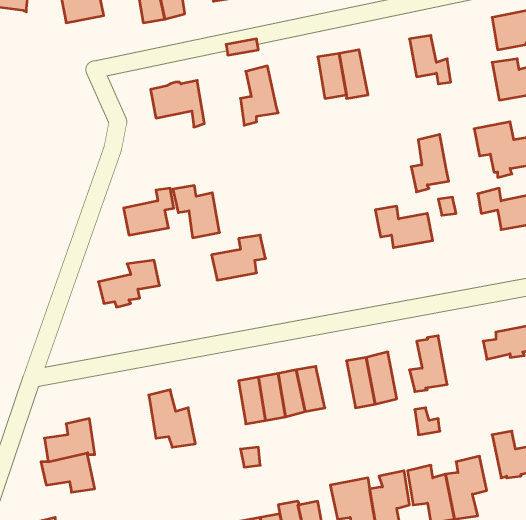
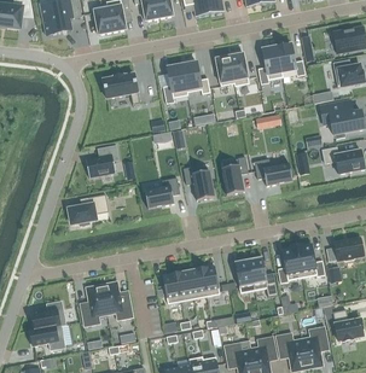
building: none -> [181,60,210,93]
building: [411,134,449,192] -> [257,45,283,83]
building: [173,186,220,238] -> [182,164,214,199]
building: none -> [221,156,248,193]
building: none -> [296,243,325,276]
building: none -> [80,284,106,325]

